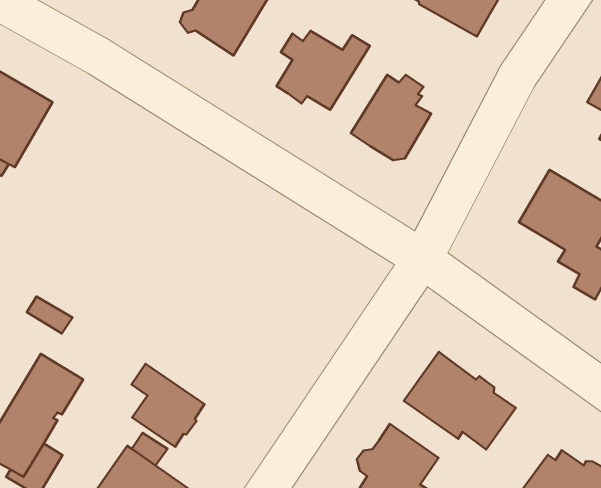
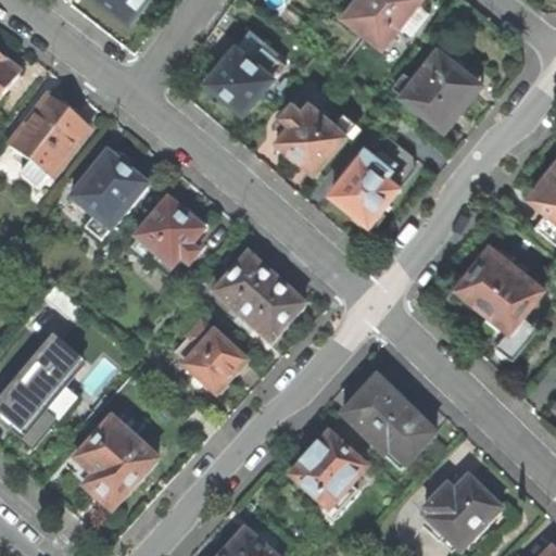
building: none -> [71,151,147,238]
building: none -> [135,199,206,266]
building: none -> [213,253,303,342]
building: [131,364,204,447] -> [184,320,244,392]

